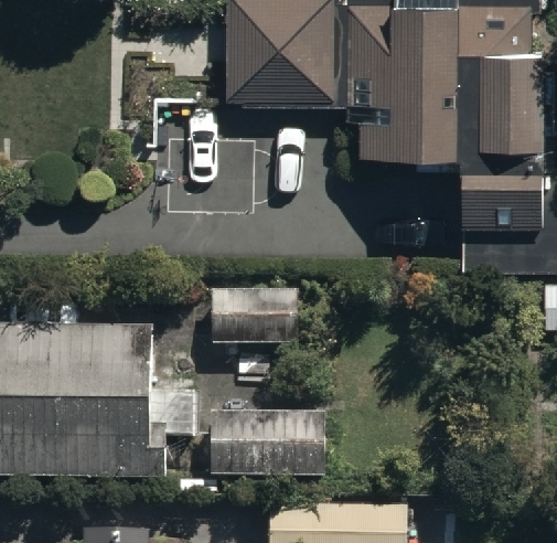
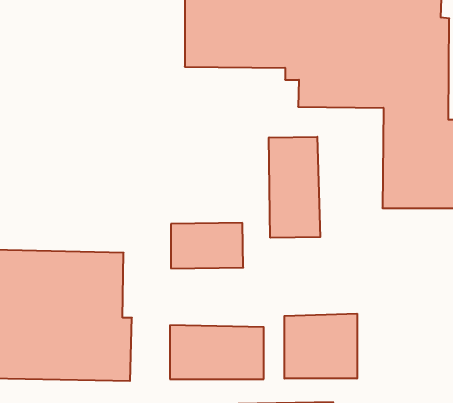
building: none -> [269,137,320,238]
building: none -> [284,314,357,379]

